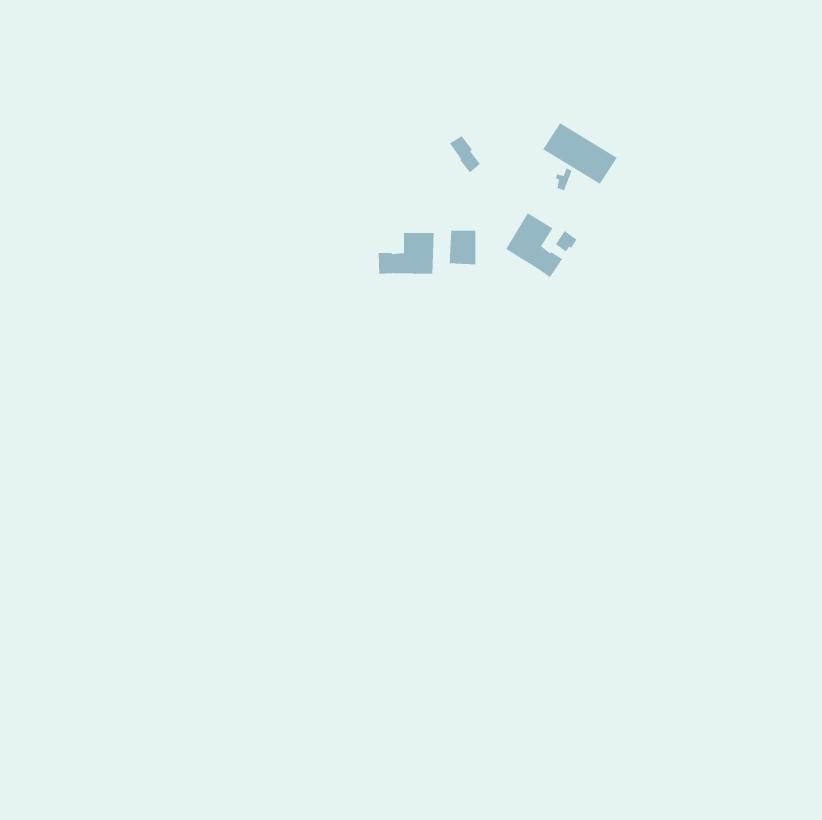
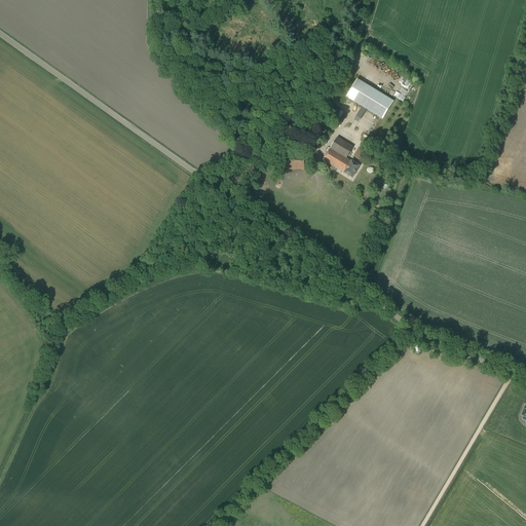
building: [378,232,434,274] -> none

